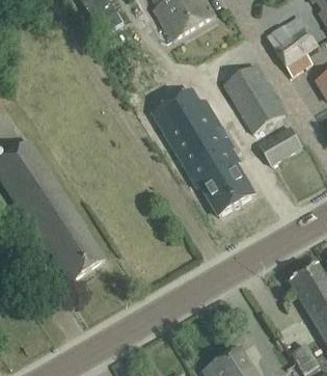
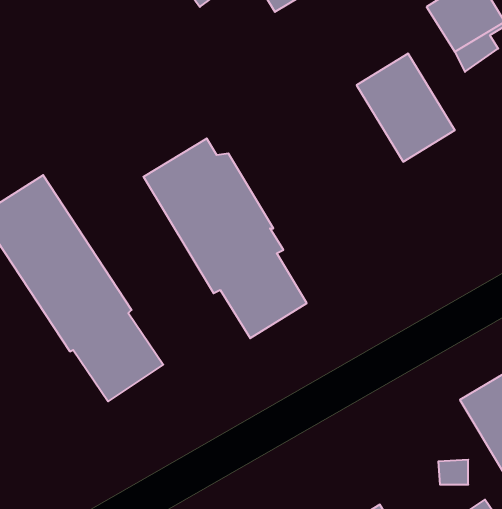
building: [153,90,254,215] -> [143,138,307,338]
building: [258,127,301,164] -> none

